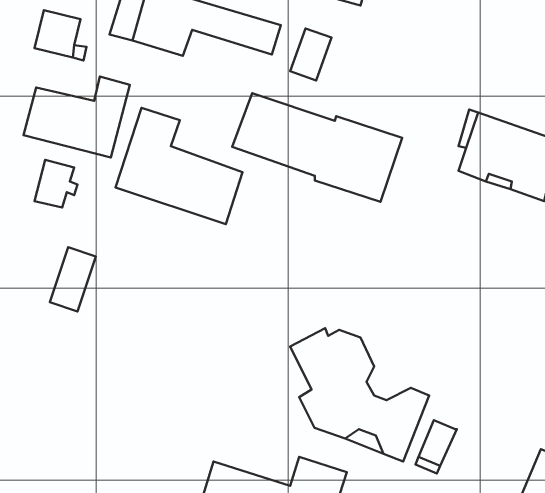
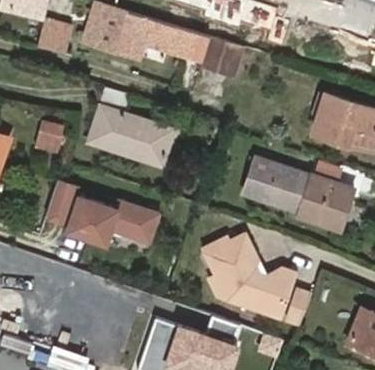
building: [24,77,130,158] -> none
building: [232,93,402,202] -> [242,159,353,230]
building: none -> [68,196,158,243]

